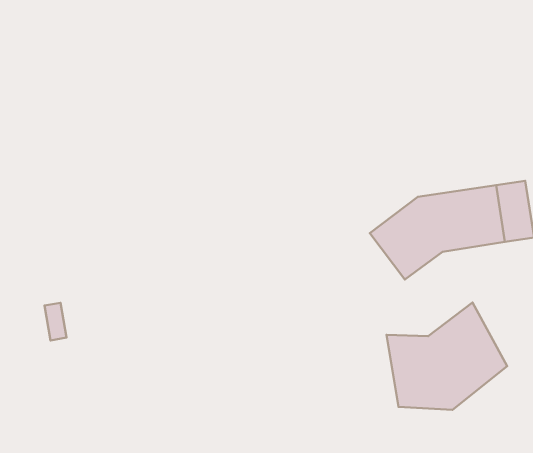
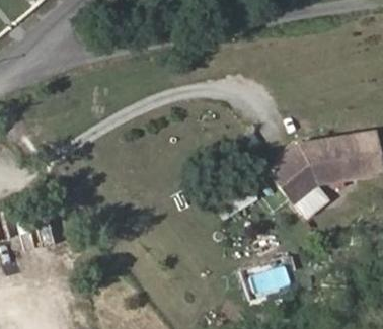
building: [386,303,507,410] -> none

